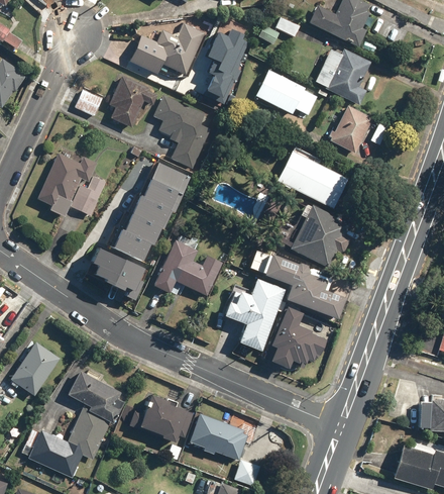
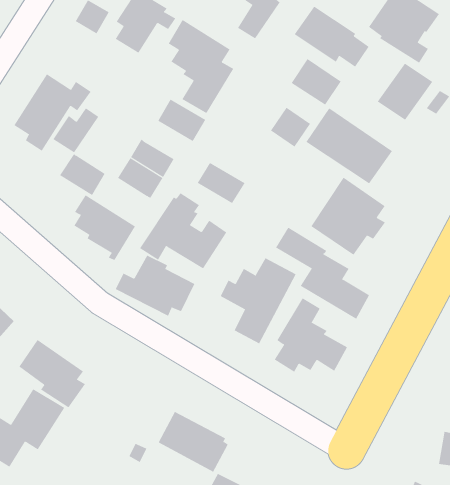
building: none -> [291,58,342,105]
building: none -> [270,107,311,147]
building: [145,180,185,211] -> [197,162,245,204]
building: [116,229,153,262] -> [59,153,106,196]
building: [128,394,193,441] -> [115,255,195,316]

